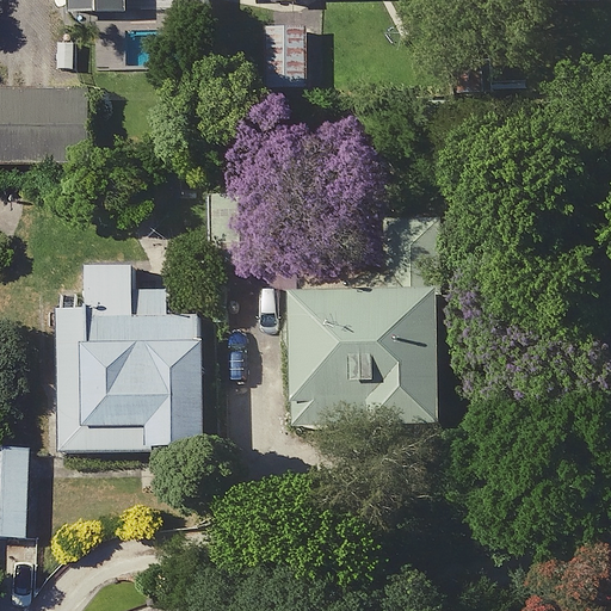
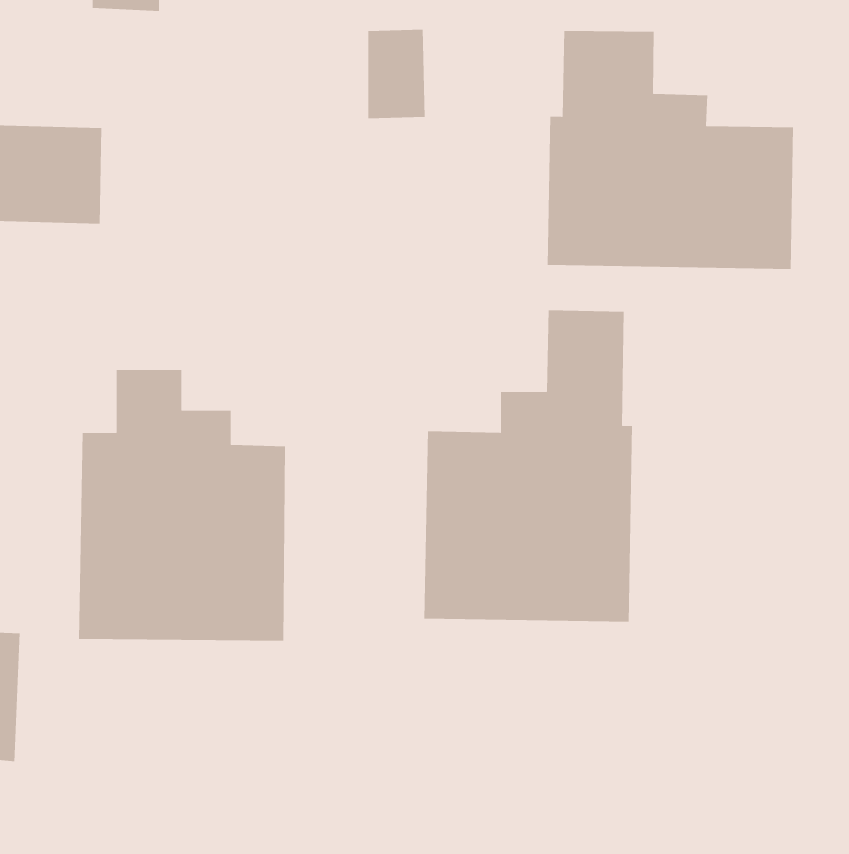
building: none -> [547,30,794,270]

